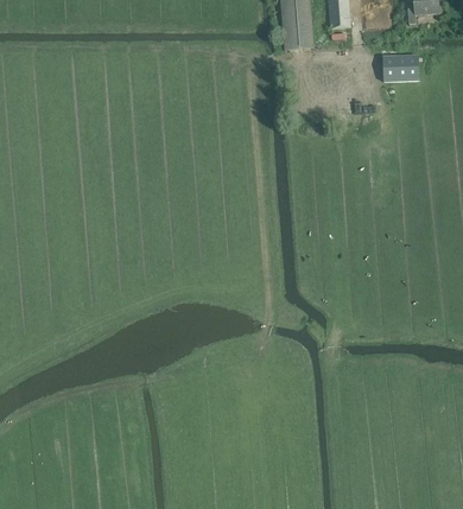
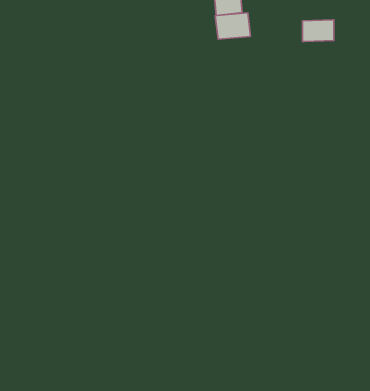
building: none -> [215,13,251,39]

